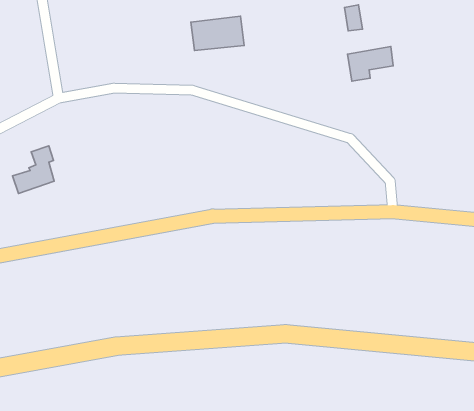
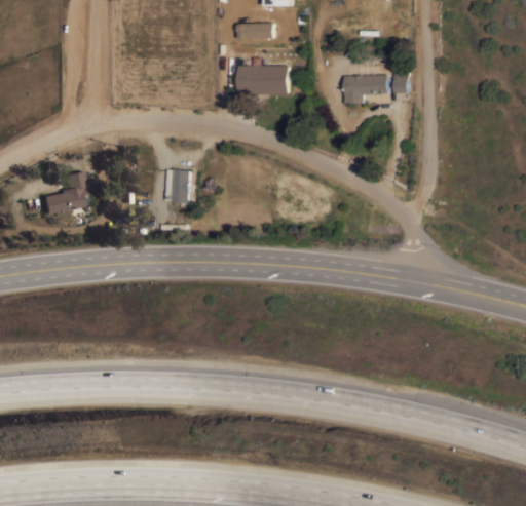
building: [348,47,393,81] -> [344,75,388,105]
building: none -> [167,169,190,203]

